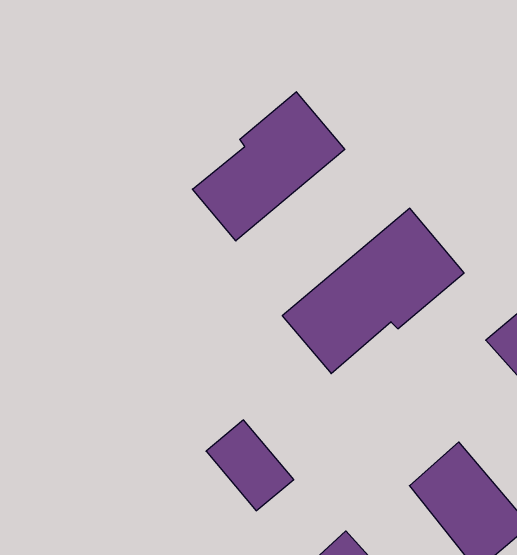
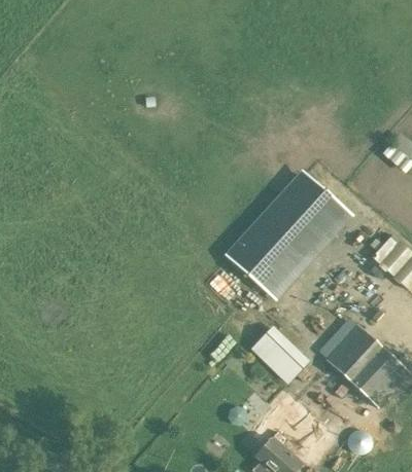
building: [192,92,345,241] -> none
building: [206,420,294,511] -> [245,323,306,383]

